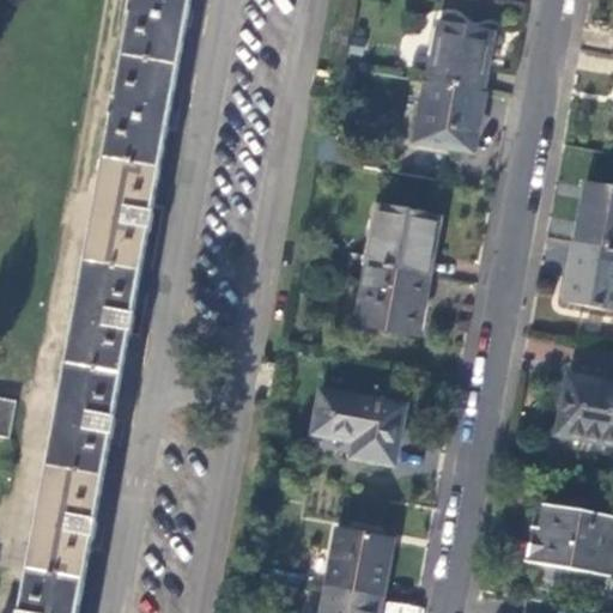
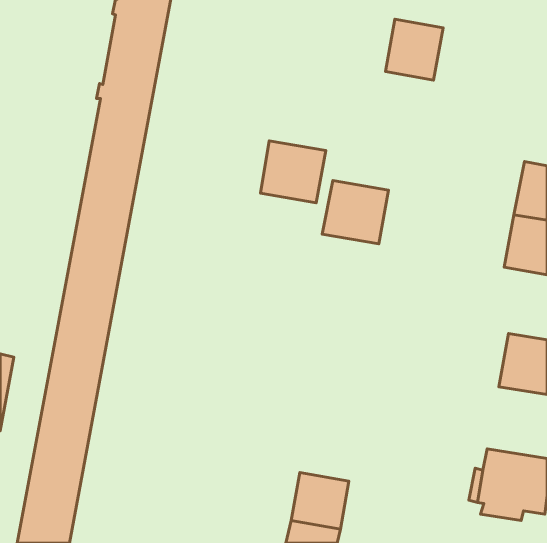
building: [420,80,485,151] -> none
building: [351,262,424,332] -> [260,141,326,203]
building: [305,388,396,463] -> none

